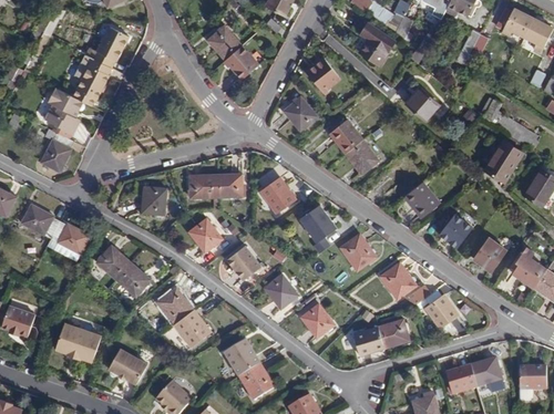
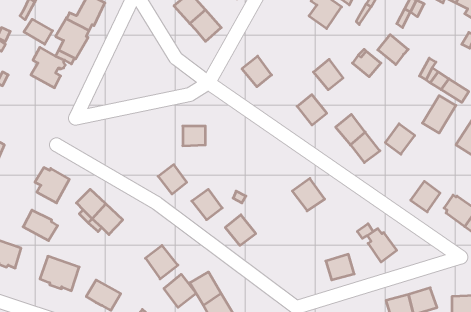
building: none -> [24,19,53,44]
building: [307,59,339,93] -> none
building: none -> [378,35,408,65]
building: [328,118,361,153] -> [313,59,343,90]
building: [41,128,73,172] -> none
building: [189,175,216,197] -> none
building: [259,177,296,214] -> none
building: [142,187,165,214] -> none
building: [21,204,60,238] -> [23,210,58,241]
building: [299,205,336,242] -> none
building: [438,214,471,248] -> [385,124,415,154]
building: [379,262,416,299] -> none
building: [156,286,193,323] -> none
building: [300,303,334,338] -> none
building: [352,327,383,355] -> none
building: none -> [164,274,196,307]

